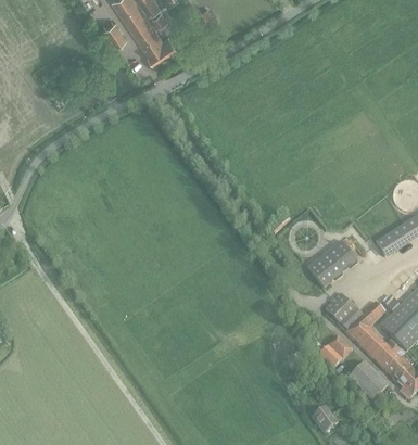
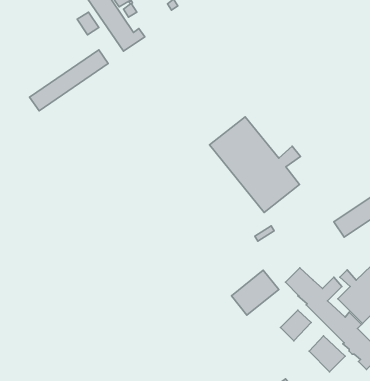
building: none -> [30,50,108,111]
building: none -> [210,117,300,213]
building: [307,239,357,287] -> [231,270,279,315]

